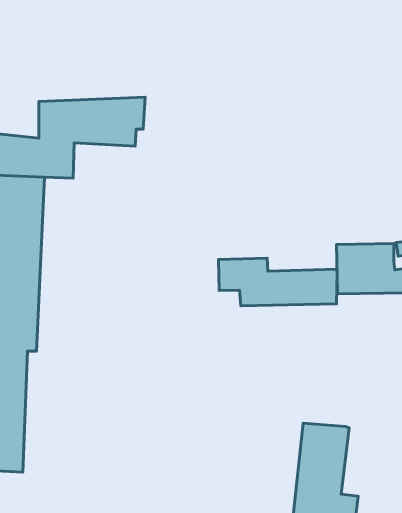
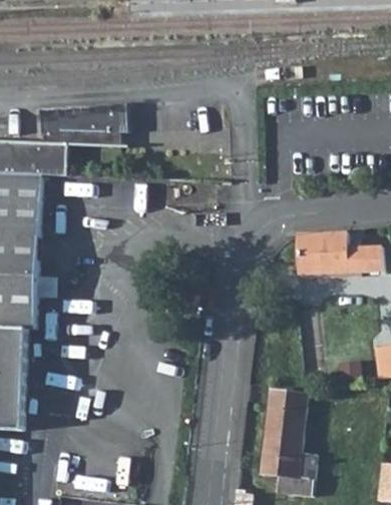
building: [219,258,337,306] -> none

